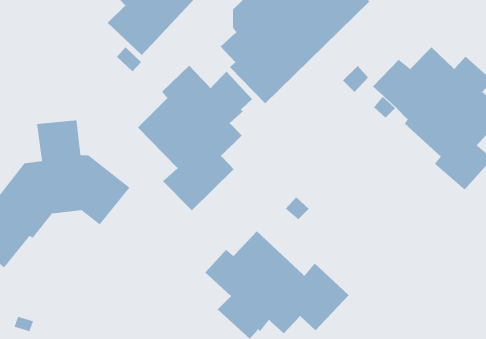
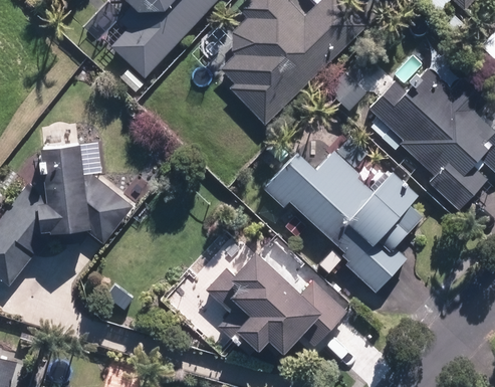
building: [137,65,253,211] -> none
building: none -> [263,150,422,292]

